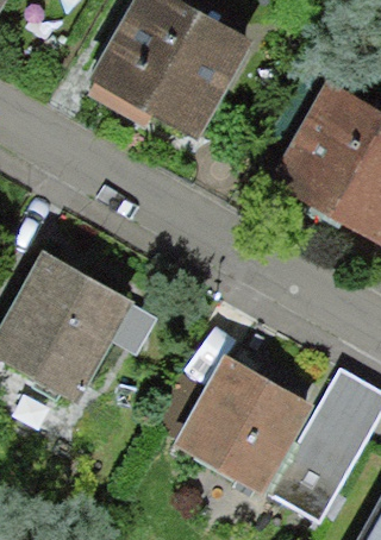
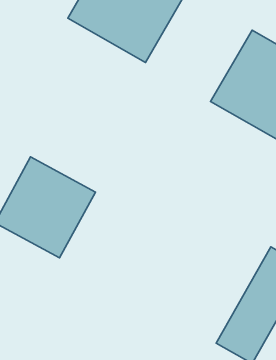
building: [170,359,295,488] -> none

